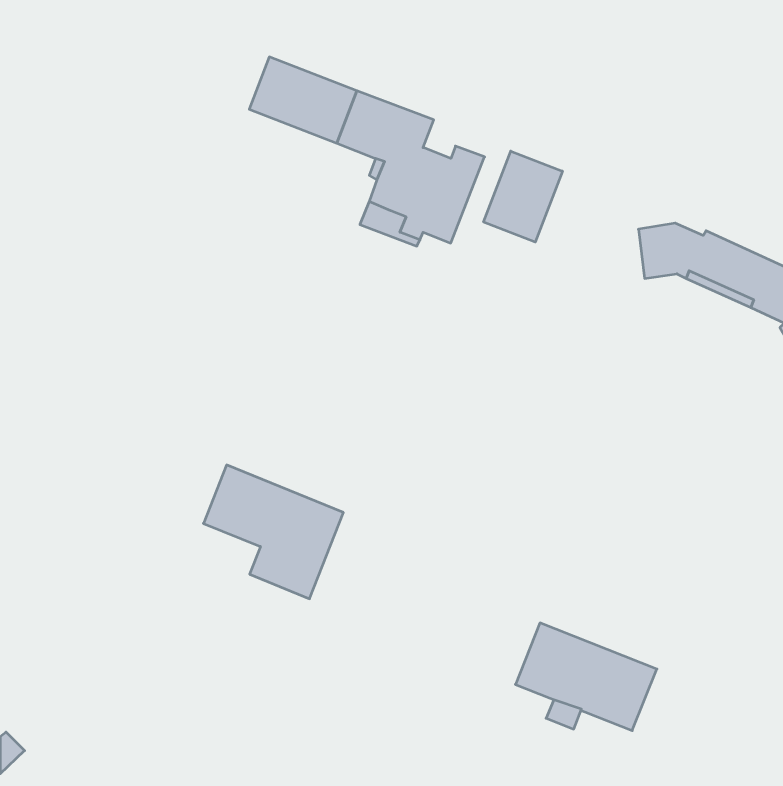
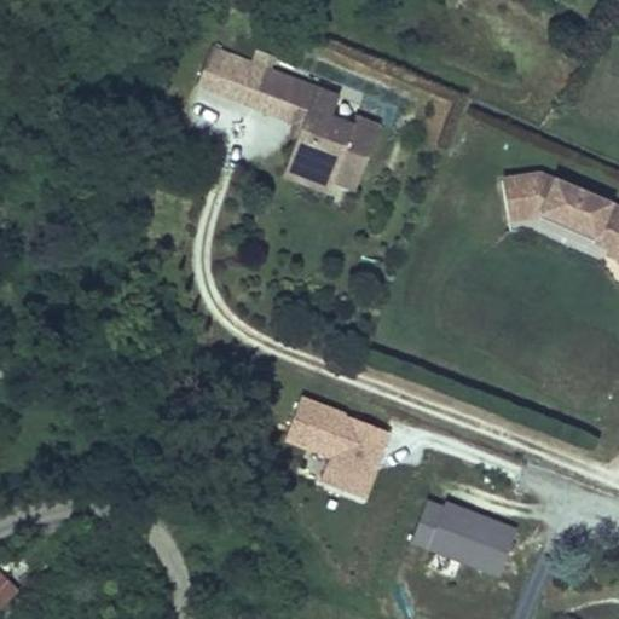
building: [484,151,562,242] -> none
building: [203,465,343,599] -> [282,391,392,496]

